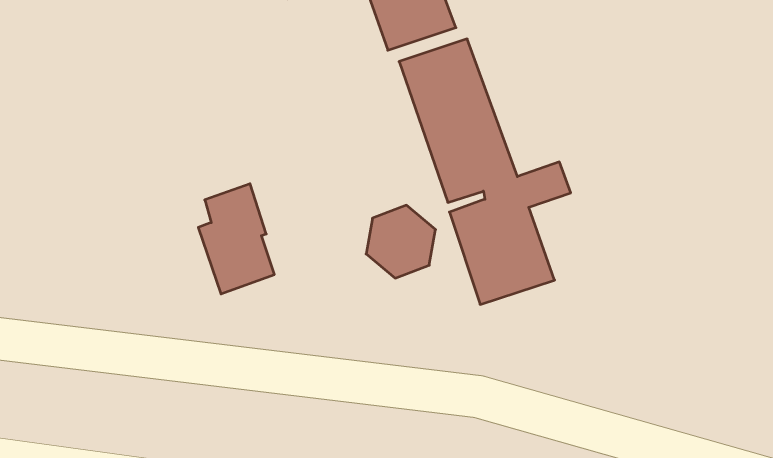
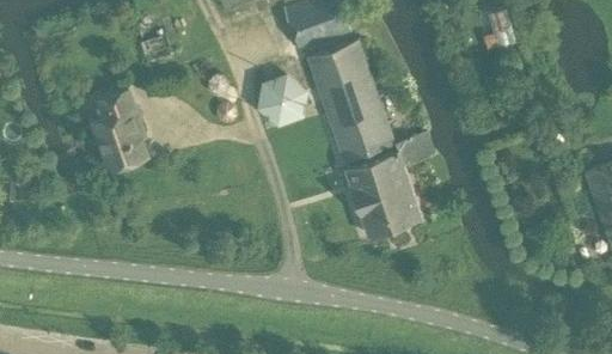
building: [198,184,274,294] -> [92,90,148,171]
building: [366,205,436,278] -> [256,73,307,127]

